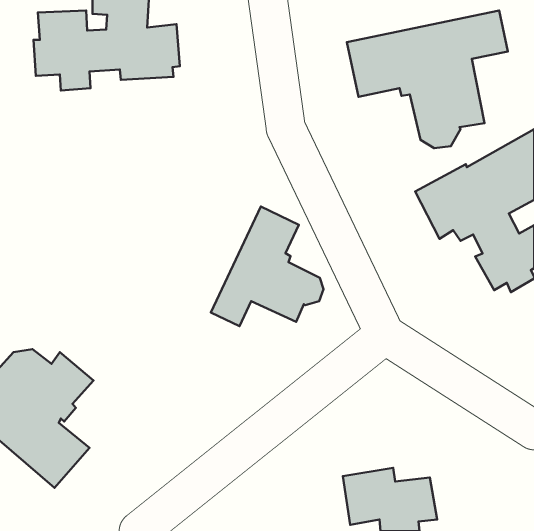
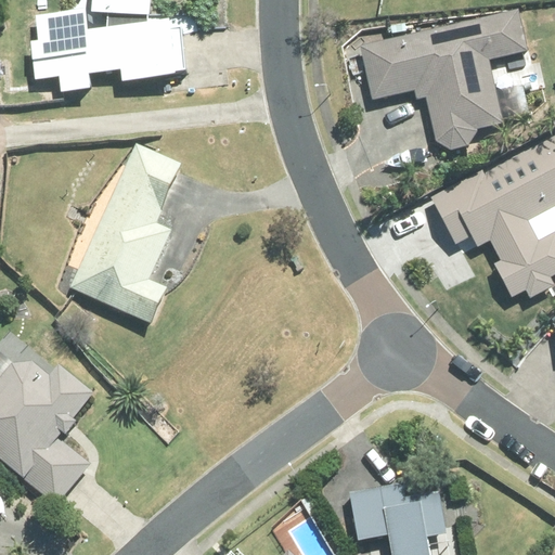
building: none -> [69,142,182,324]
building: [211,207,324,326] -> none

